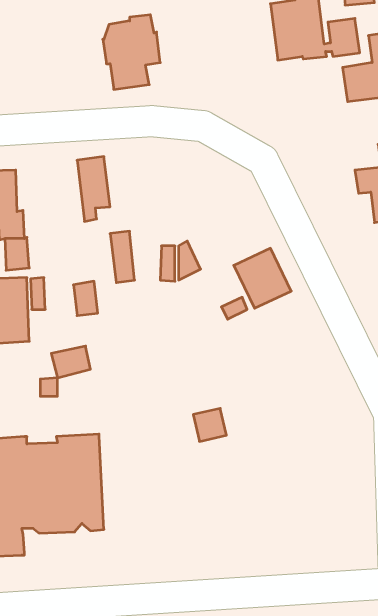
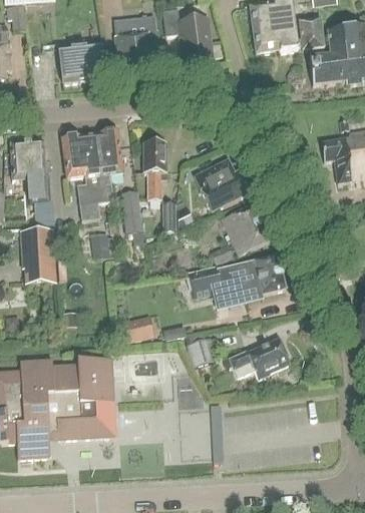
building: none -> [162,8,213,61]
building: none -> [59,38,103,83]
building: none -> [62,133,111,218]
building: none -> [141,141,166,199]
building: none -> [194,159,247,210]
building: none -> [189,254,285,299]
building: [51,346,90,378] -> [122,316,154,342]
building: none -> [230,339,288,378]

